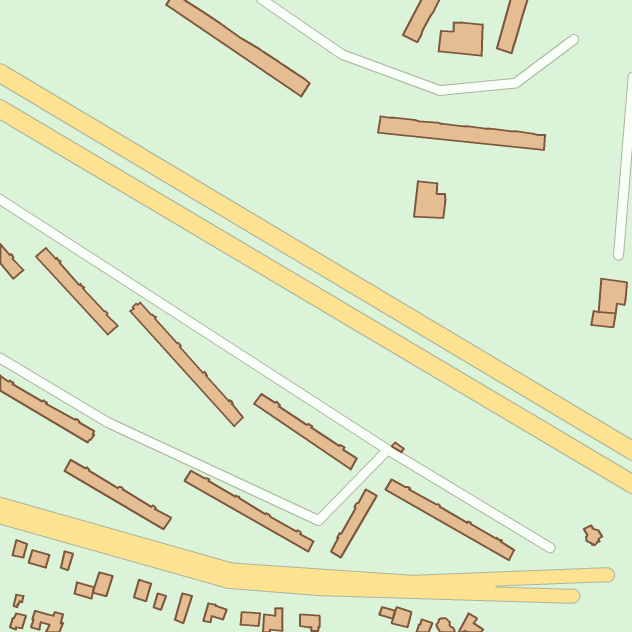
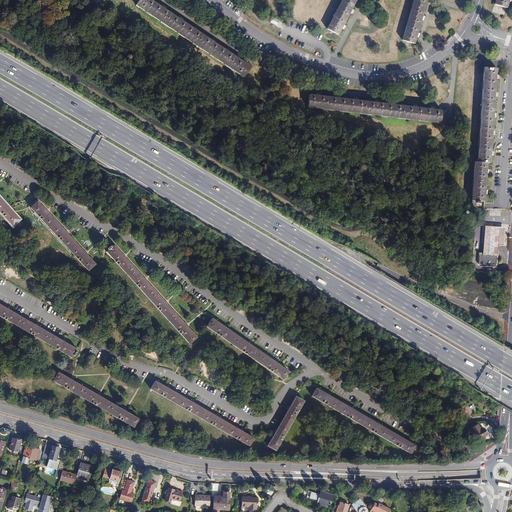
building: [439,22,483,56] -> none
building: none -> [470,58,497,210]
building: [414,181,445,218] -> none

